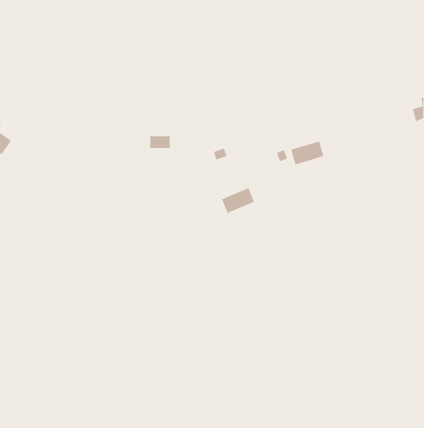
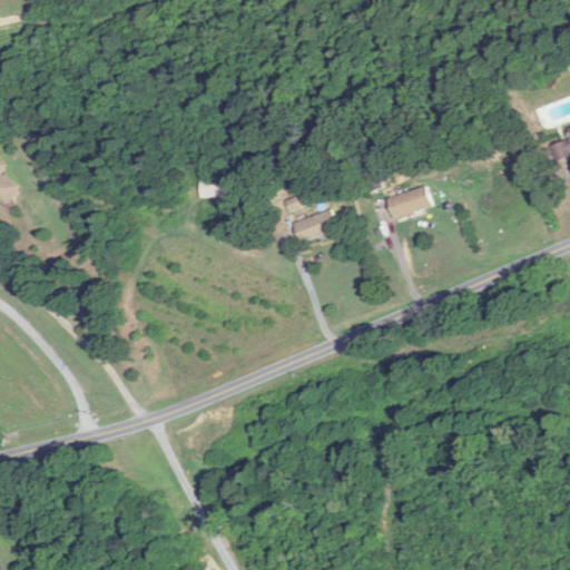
building: [221,188,255,214] -> [291,209,335,244]

